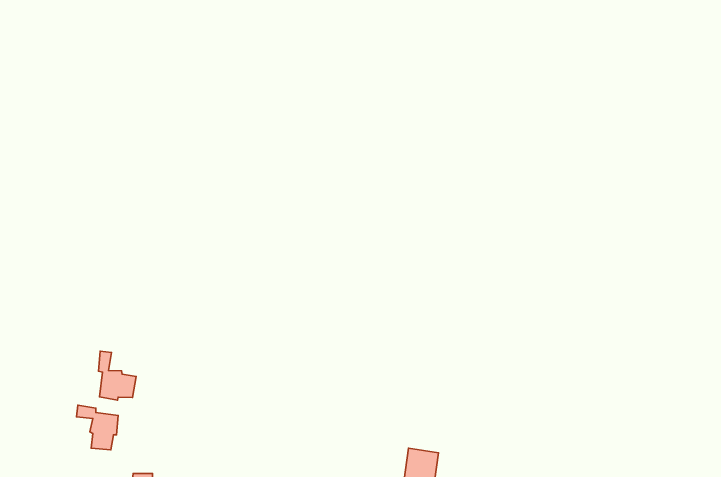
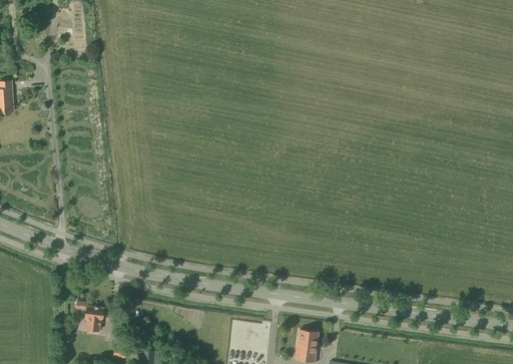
building: [98,351,136,400] -> none

